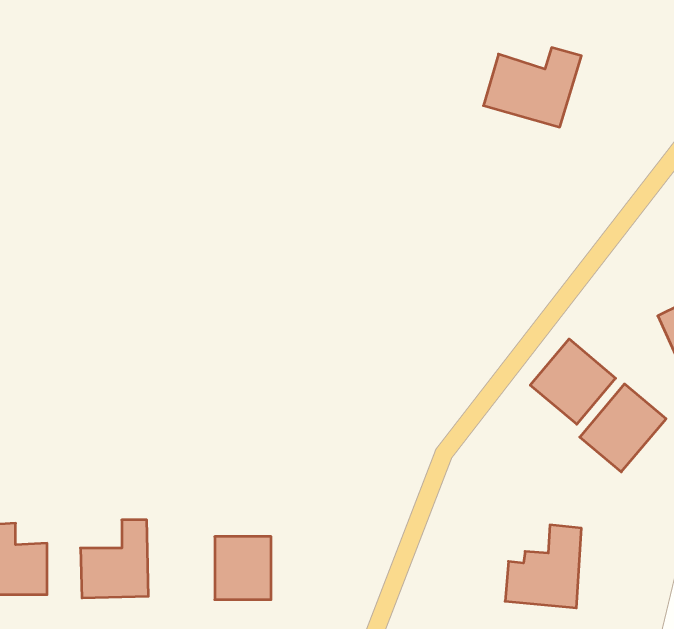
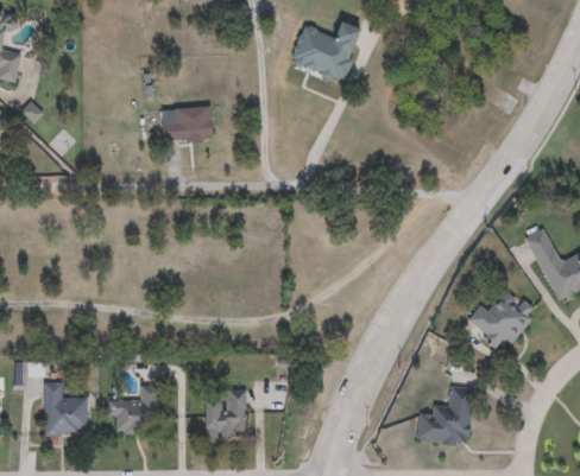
building: [483,48,581,127] -> [291,23,361,80]
building: none -> [162,107,214,142]
building: [530,339,616,424] -> none

